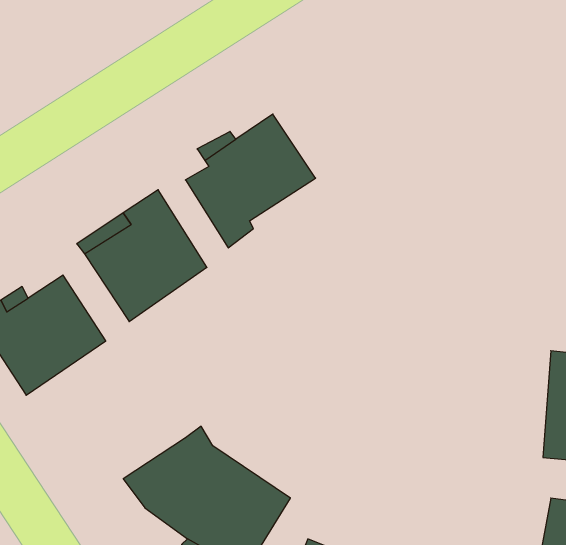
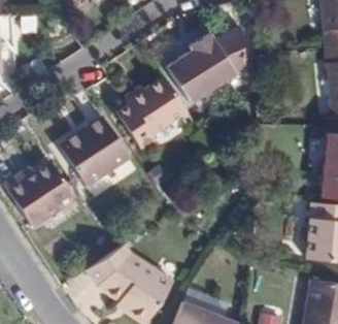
building: none -> [167,20,244,101]

